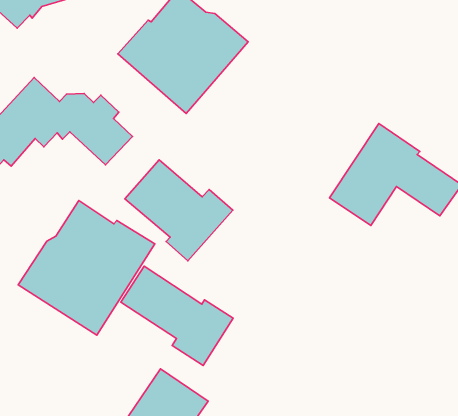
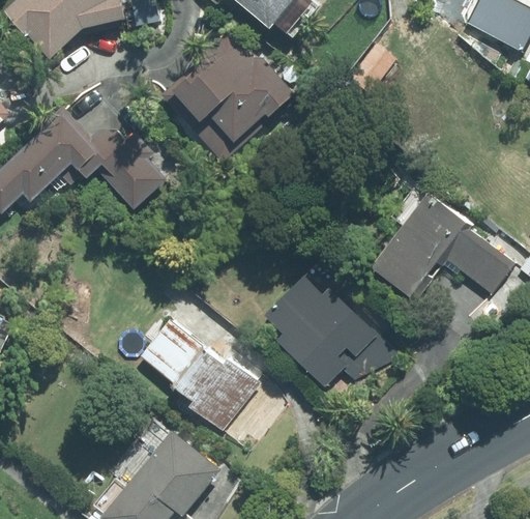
building: [125,160,233,261] -> none
building: [18,200,155,335] -> none
building: none -> [266,273,378,386]

